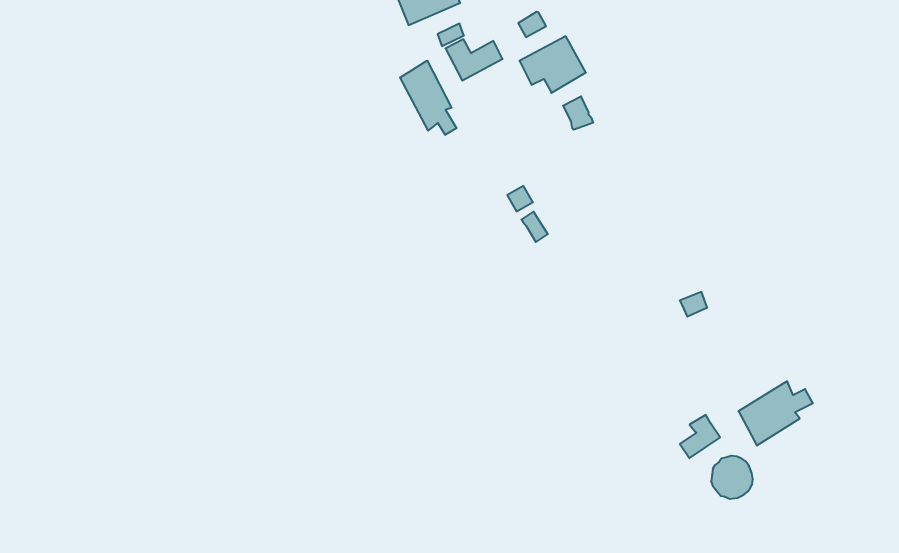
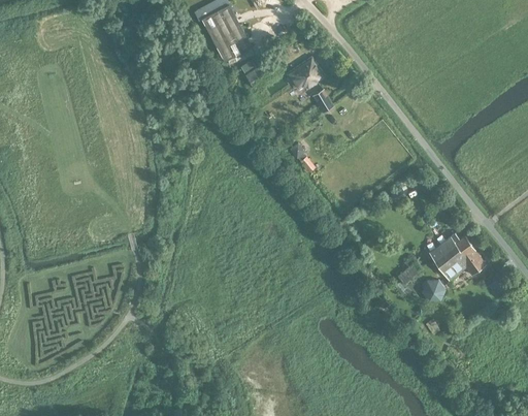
building: [400,61,457,135] -> none
building: none -> [442,243,486,280]

